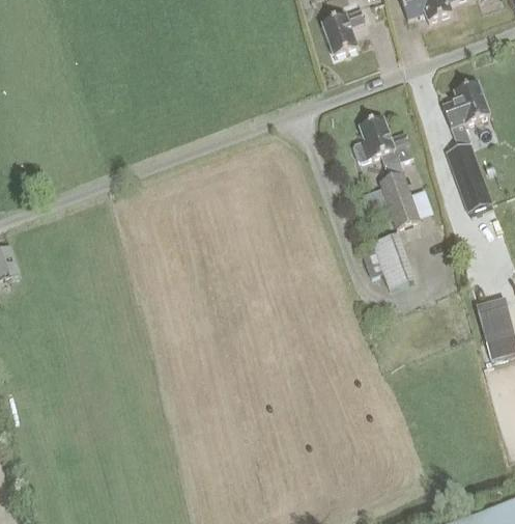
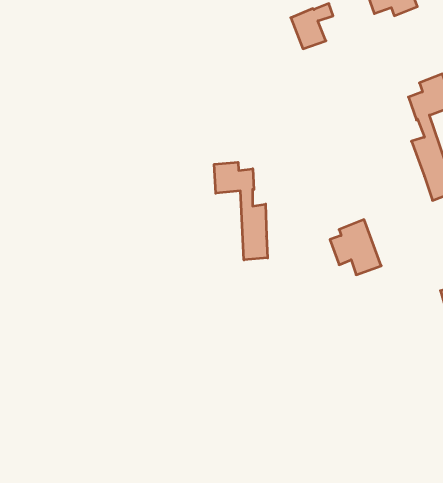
building: [352,116,420,227] -> none
building: none -> [214,162,268,260]

